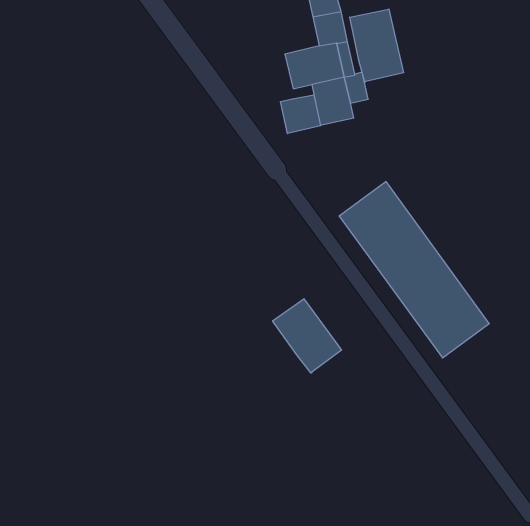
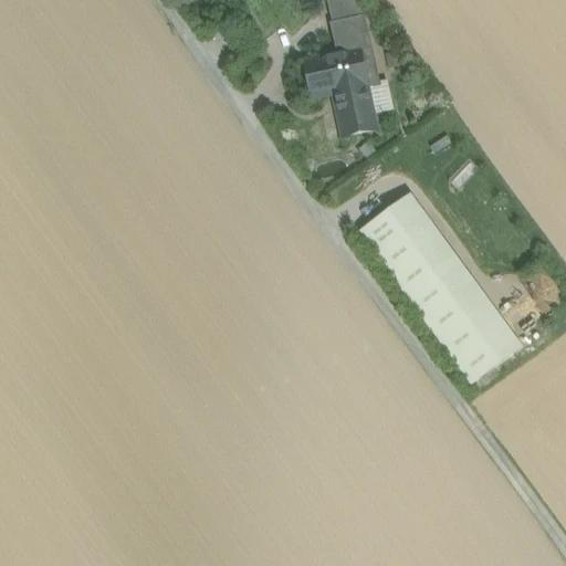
building: [350,9,403,82] -> none
building: [281,95,320,134] -> none
building: [273,299,341,373] -> none

